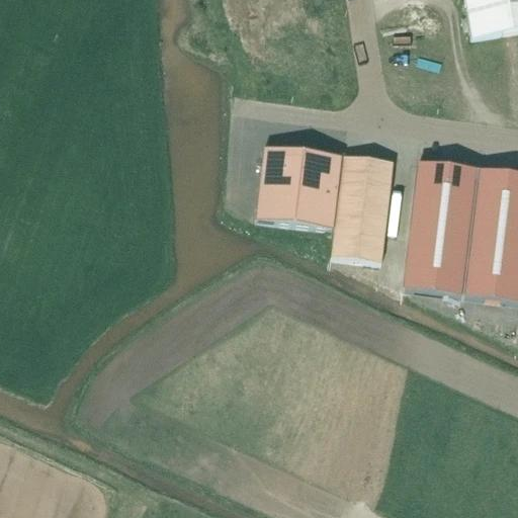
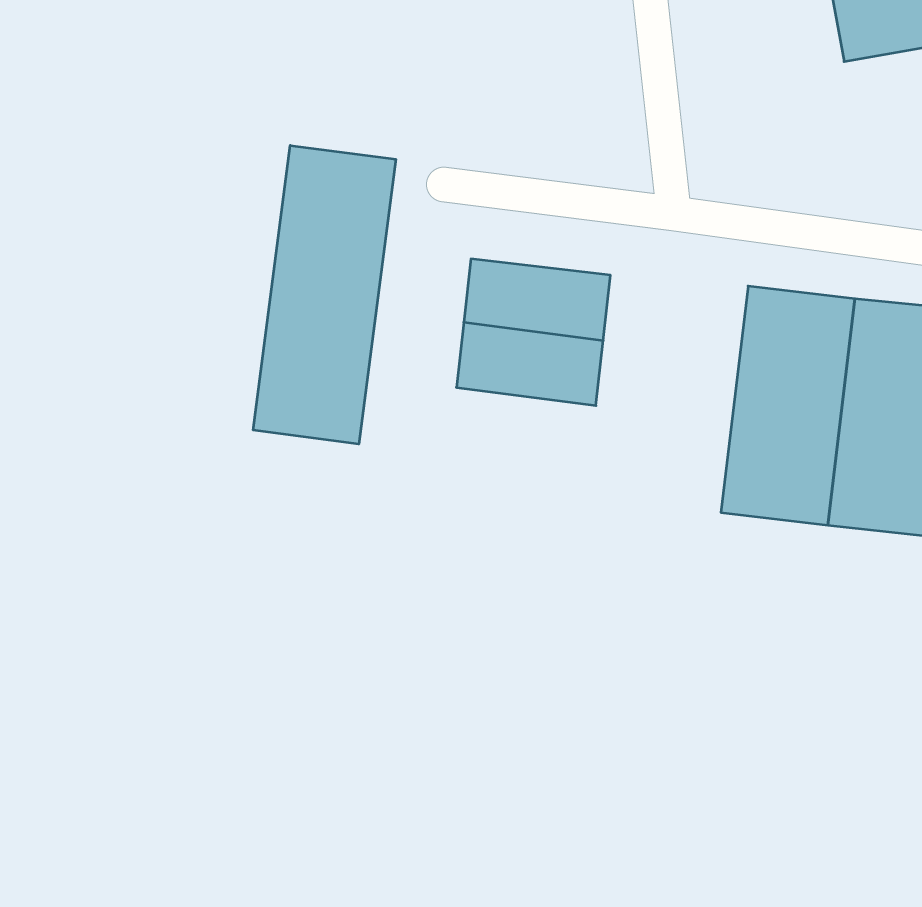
building: none -> [253,145,396,444]
building: [333,154,394,260] -> none

